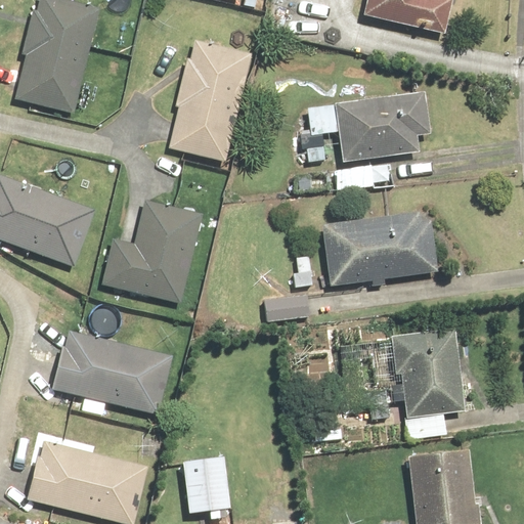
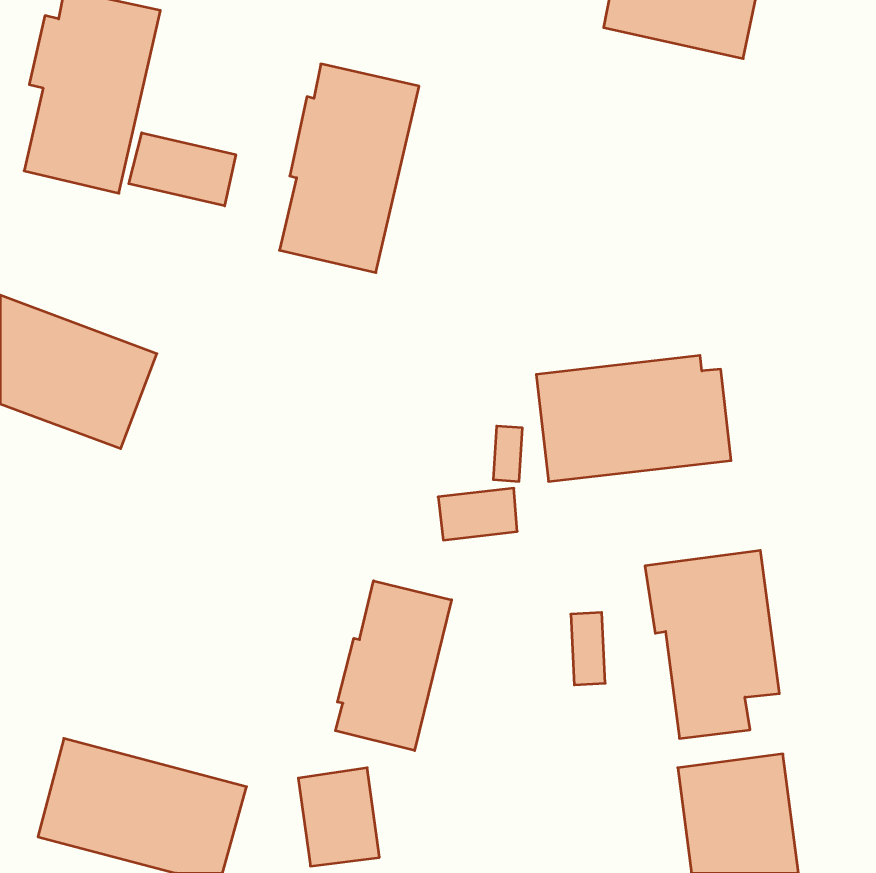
building: none -> [129,133,236,206]
building: [306,91,430,194] -> none
building: [101,199,203,304] -> none
building: [54,330,173,419] -> none
building: none -> [335,581,452,751]

